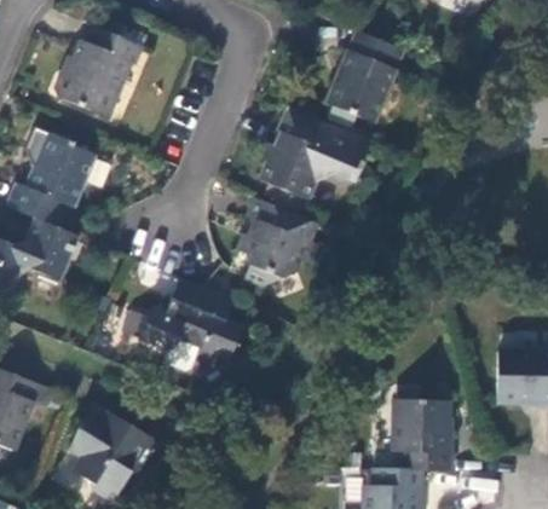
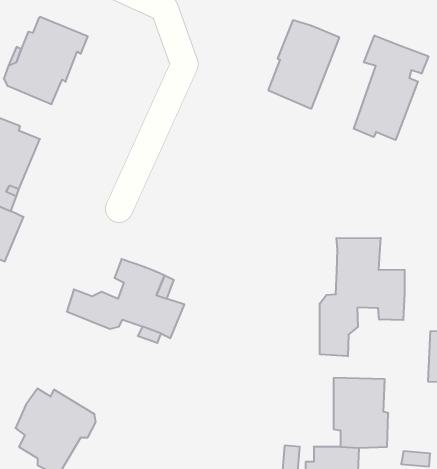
building: none -> [354,35,428,140]
building: [260,104,374,197] -> none
building: [237,195,323,284] -> none
building: none -> [320,238,405,356]

